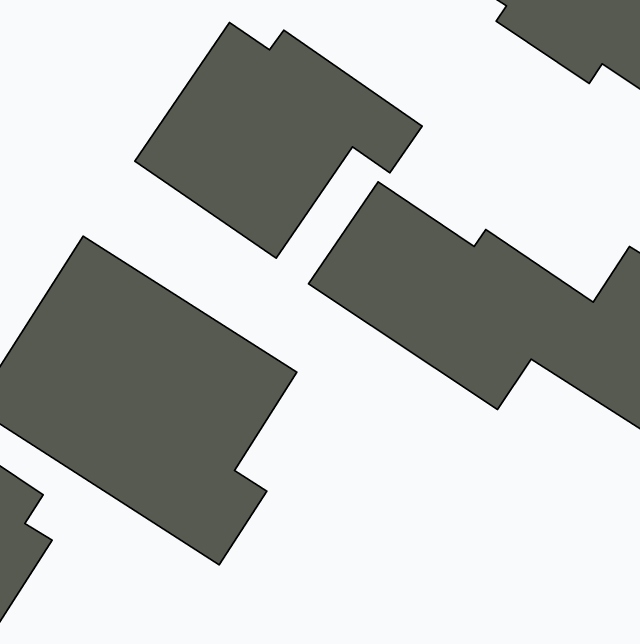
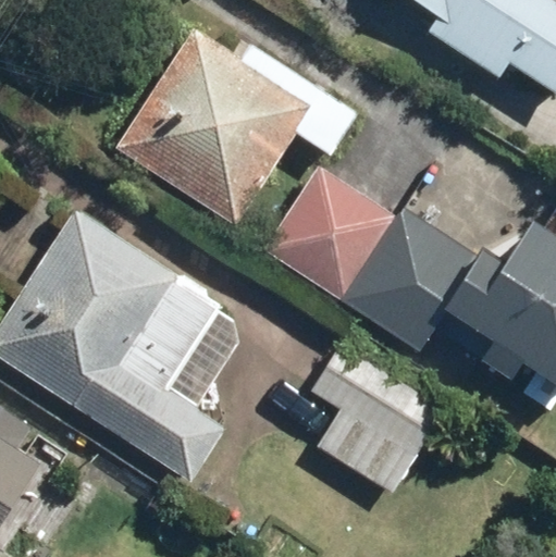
building: none -> [309,339,447,494]

